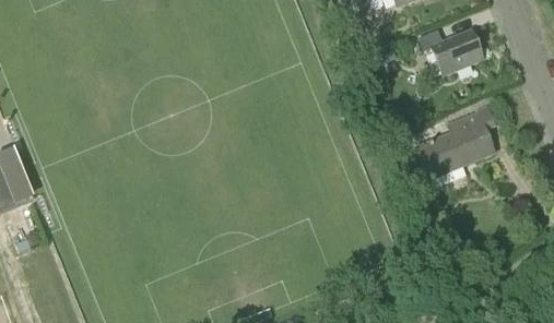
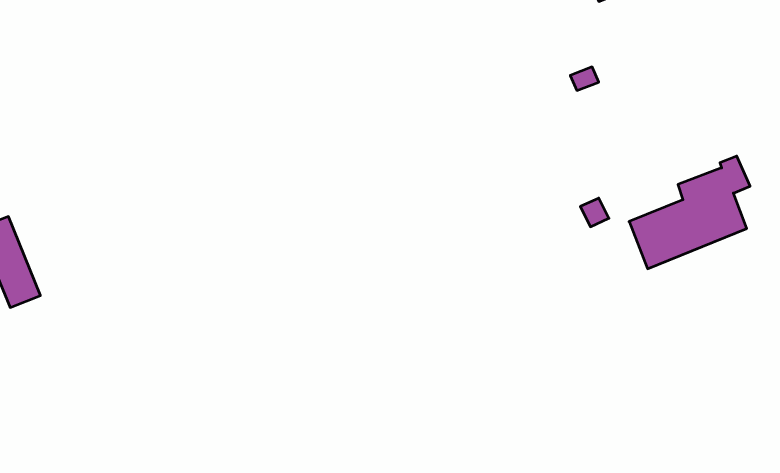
building: [417,27,482,73] -> none

